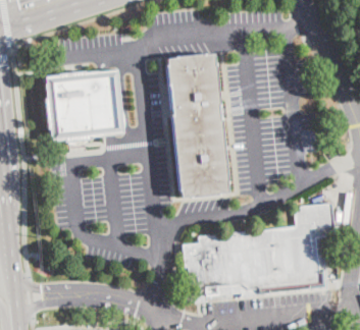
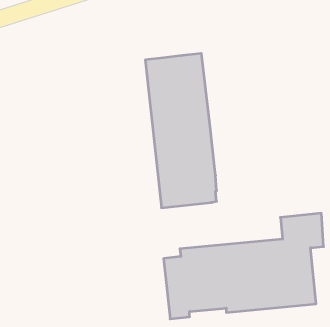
building: [46,69,121,139] -> none

